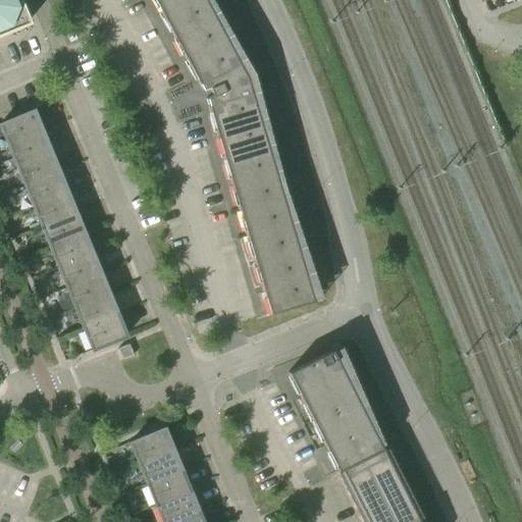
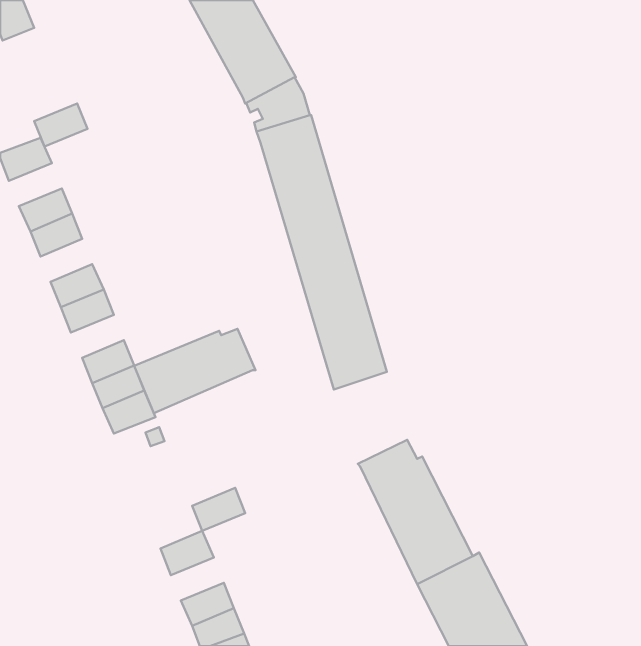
building: [11,132,54,166] -> [34,103,87,146]
building: [37,193,79,227] -> none
building: [61,254,104,289] -> none
building: none -> [134,329,255,413]
building: [142,450,185,484] -> [192,488,245,531]

